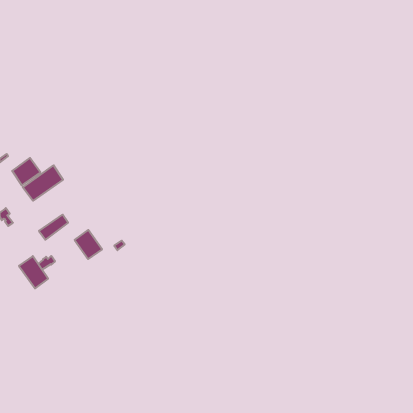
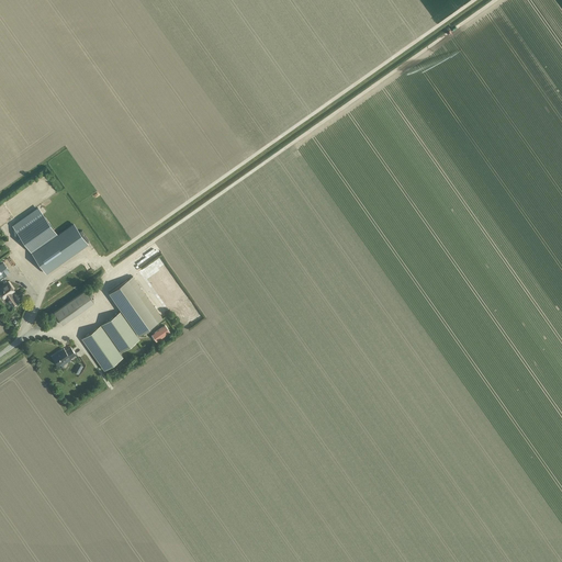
building: none -> [108,281,156,337]
building: [19,256,48,288] -> [81,327,121,371]

